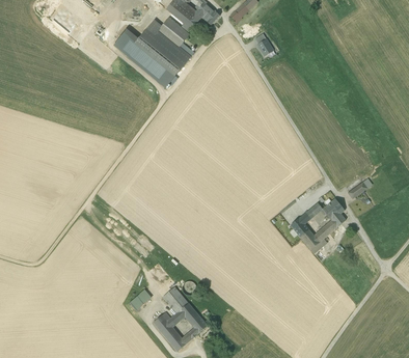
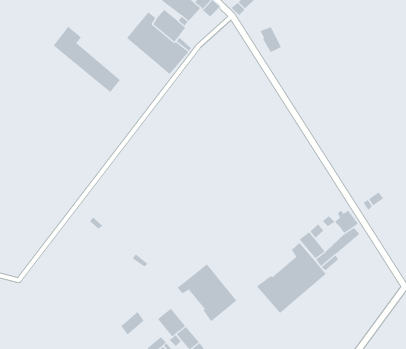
building: [112,27,173,87] -> [53,26,121,93]
building: none -> [256,242,326,314]
building: none -> [177,263,237,322]

